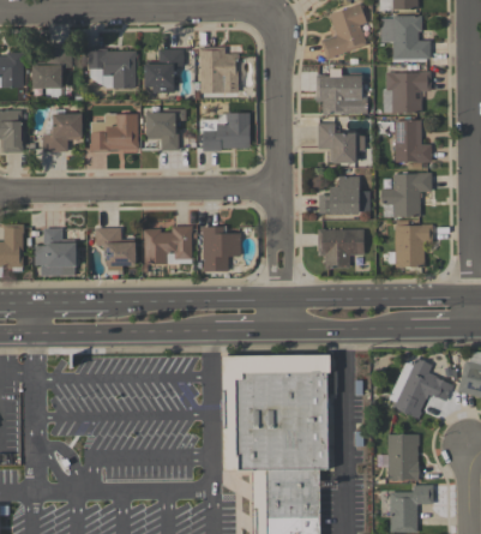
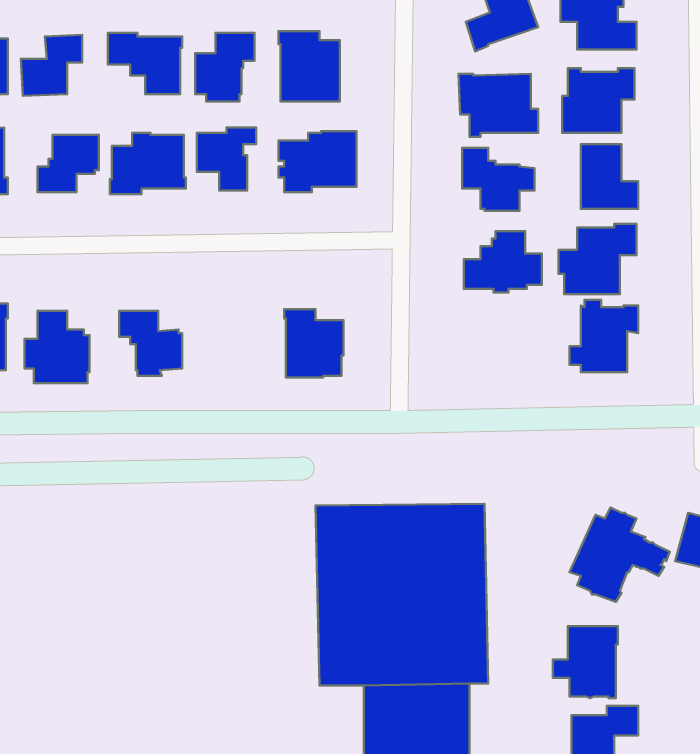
building: [143,226,192,264] -> none
building: [318,228,363,269] -> none

